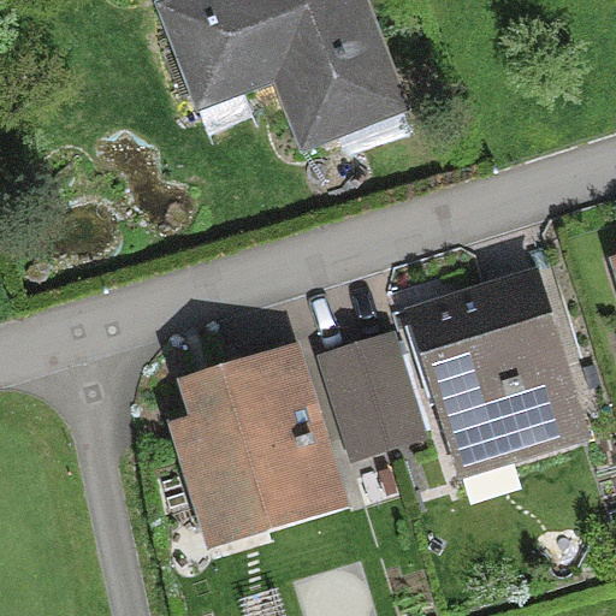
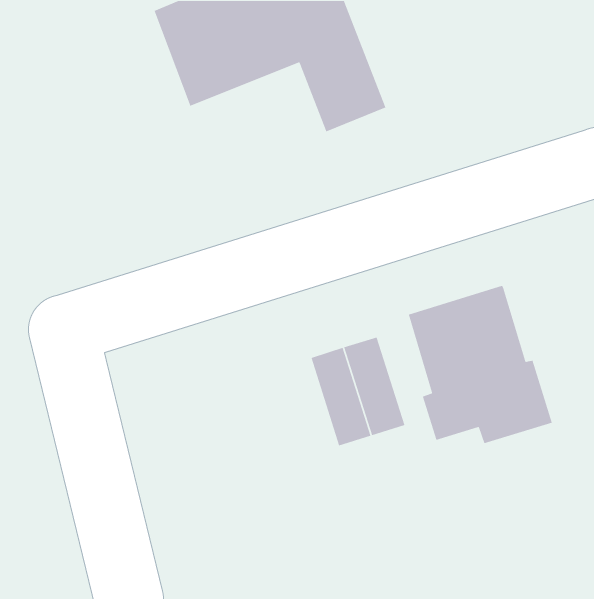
building: [185,363,333,523] -> none

